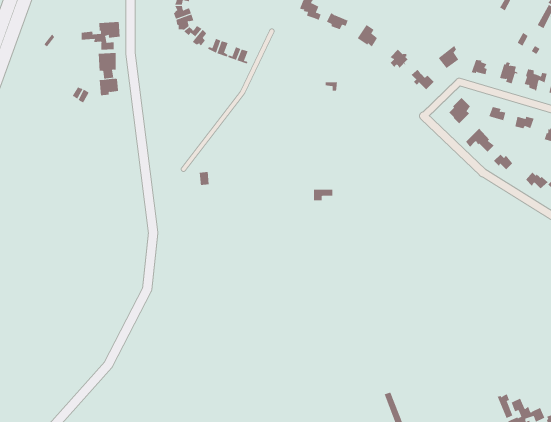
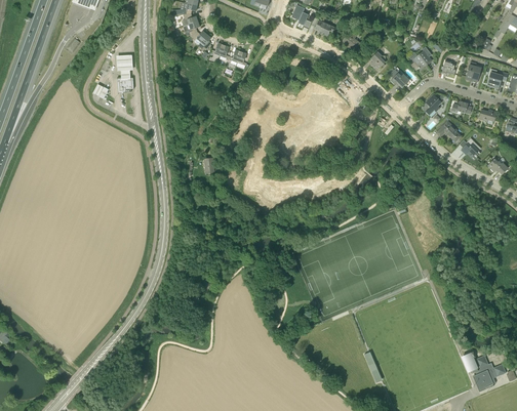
building: [81,21,120,51] -> none

